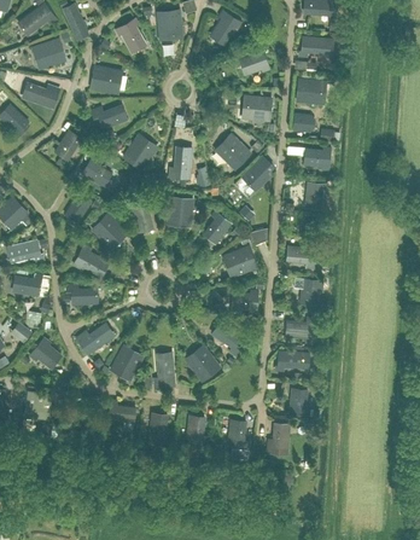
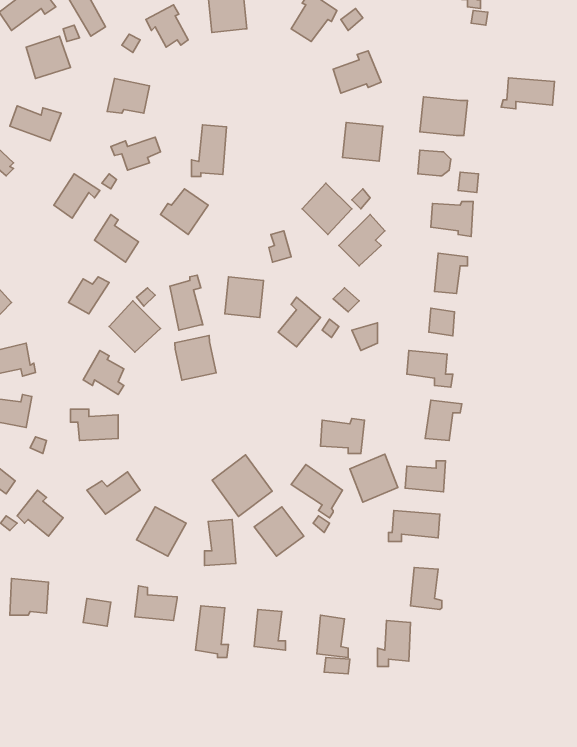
building: [298,36,333,57] -> [501,78,555,109]
building: [169,146,192,180] -> [192,125,226,176]
building: none -> [175,336,216,380]
building: [226,245,257,277] -> [350,454,398,502]
building: none -> [212,455,272,517]

